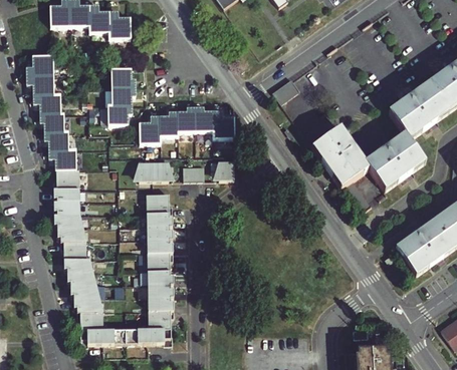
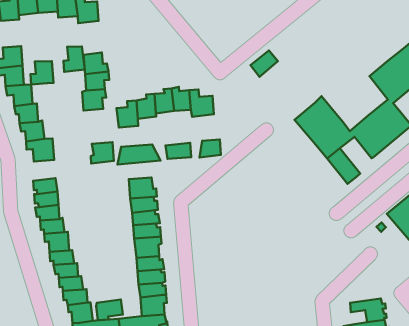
building: none -> [64,46,85,72]
building: none -> [30,61,54,84]
building: [53,169,75,189] -> [91,142,114,163]
building: none -> [96,300,123,320]

